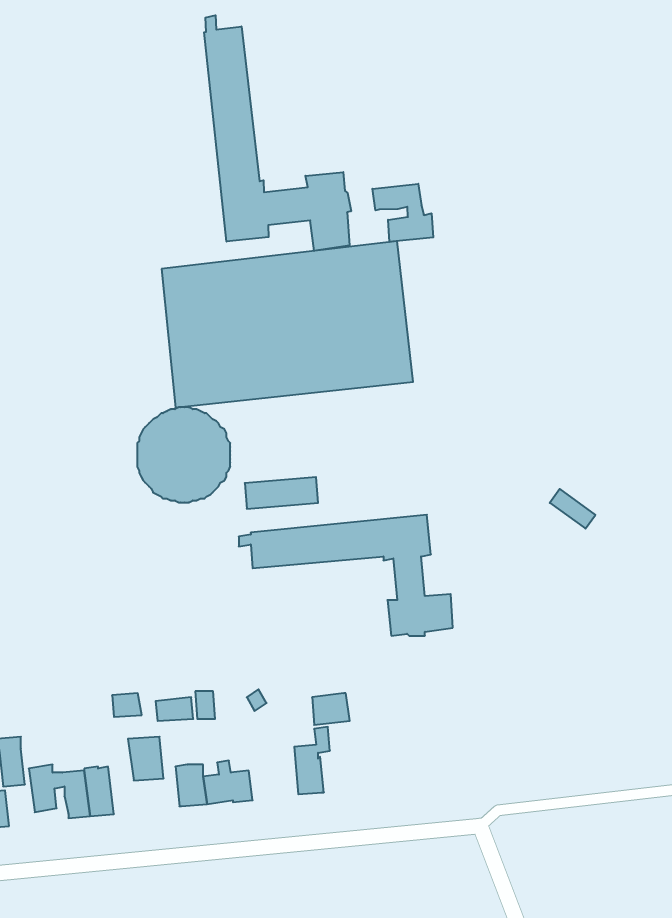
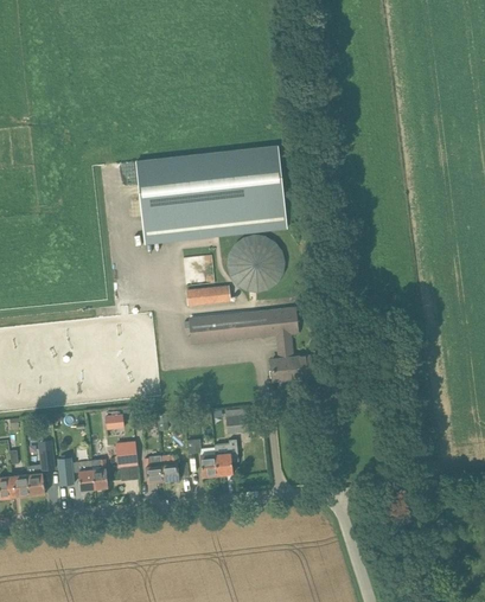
building: [204,15,351,251] -> none
building: [372,184,433,242] -> none
building: [137,407,230,502] -> [228,235,283,292]
building: none -> [187,440,217,478]

